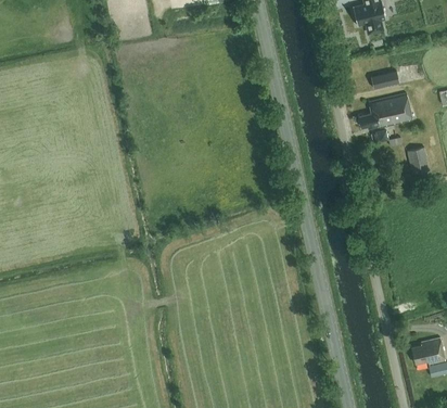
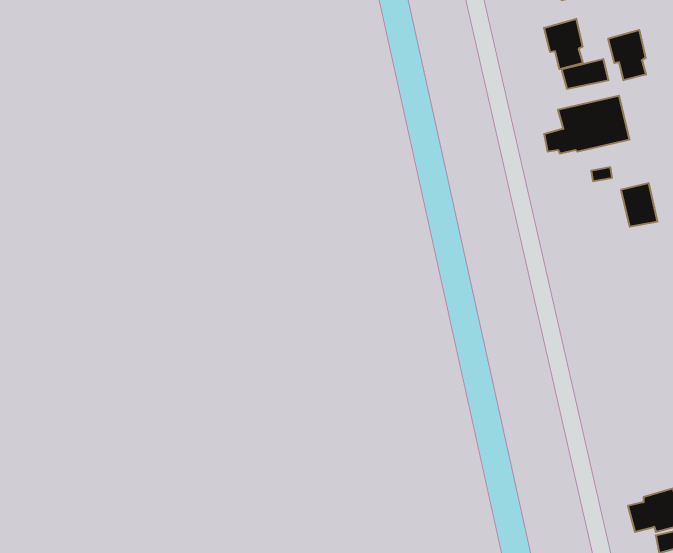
building: none -> [544,19,583,69]
building: none -> [608,30,646,80]

